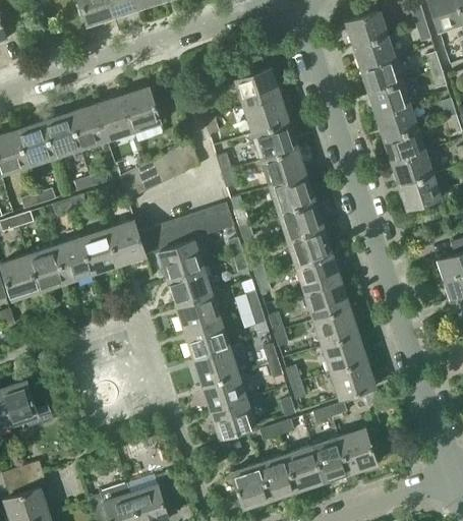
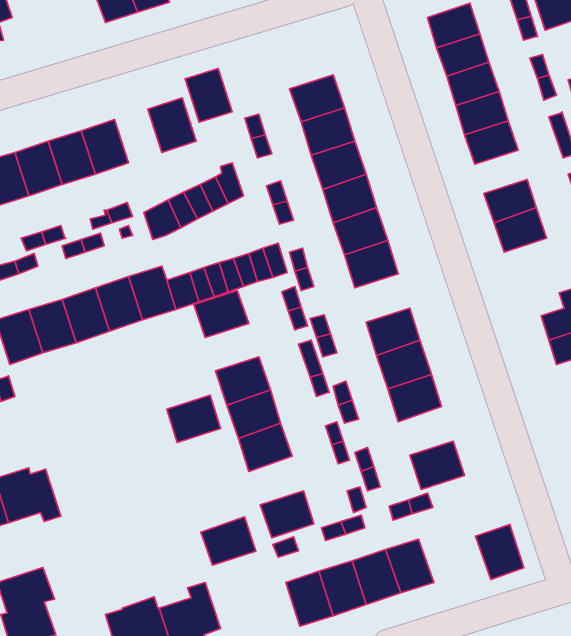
building: [96,96,133,138] -> [185,69,232,122]
building: [383,128,424,163] -> none
building: [287,227,331,266] -> none
building: [168,267,211,304] -> [167,395,221,442]
building: [322,333,365,371] -> none
building: [202,372,246,411] -> [201,517,256,565]
building: [338,429,377,473] -> [475,525,524,579]

